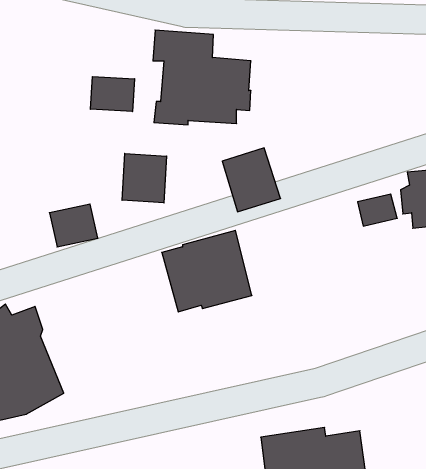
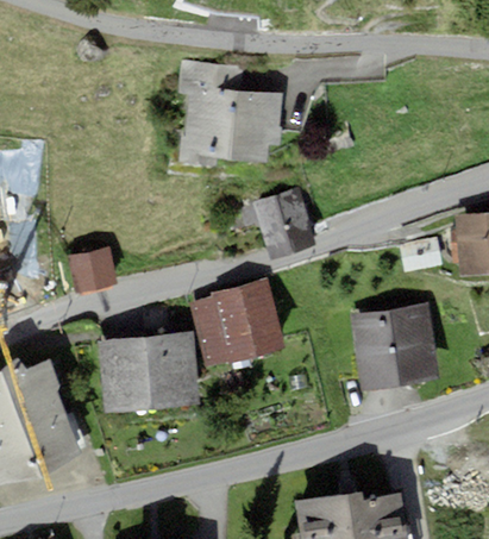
building: [90,77,135,112] -> none
building: [122,153,167,203] -> none
building: none -> [350,303,440,391]
building: none -> [96,334,198,413]

